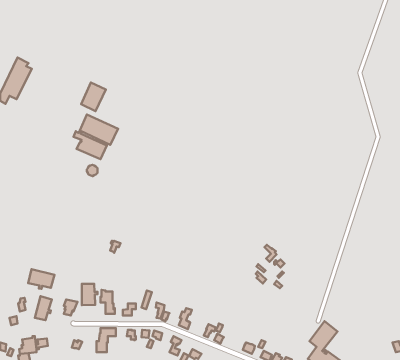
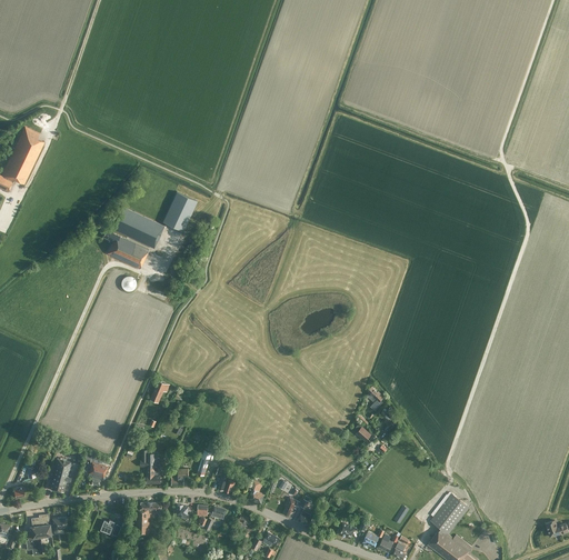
building: [81,82,106,111] -> [162,191,197,231]
building: [28,269,54,289] -> none
building: [82,284,98,305] -> none

